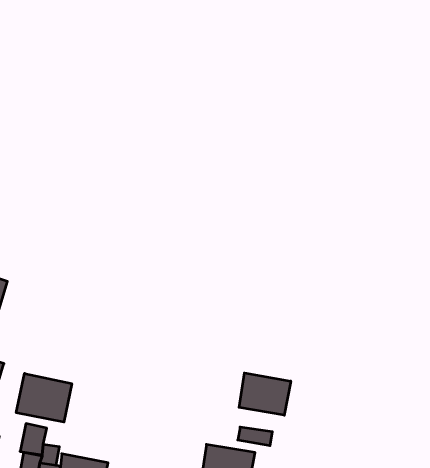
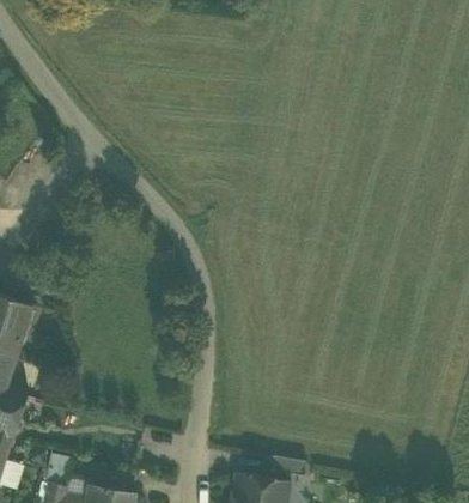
building: [239,373,291,415] -> none
building: [16,373,72,422] -> none

